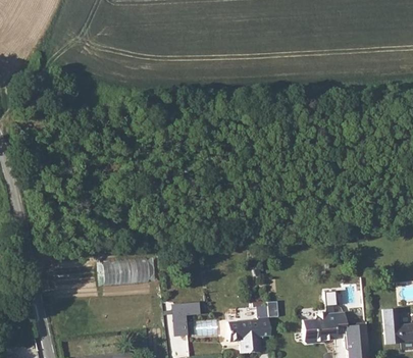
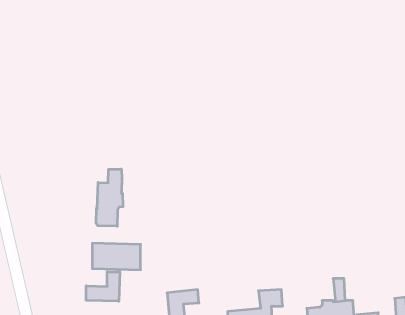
building: none -> [96,169,123,226]
building: none -> [86,272,120,301]

